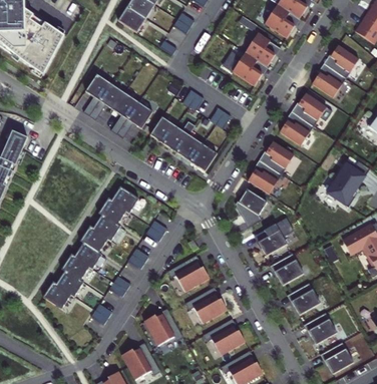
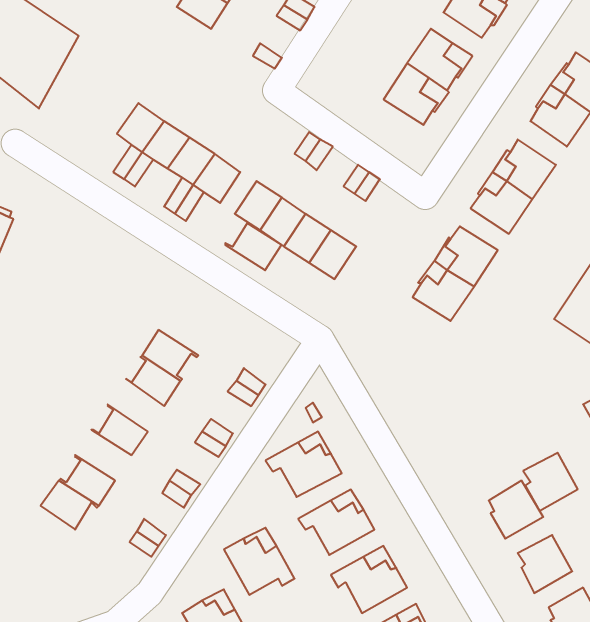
building: [107,186,138,213] -> [225,223,282,270]
building: [237,187,267,227] -> none
building: [257,223,287,255] -> none
building: [79,226,110,255] -> none
building: [273,253,303,285] -> [523,453,578,511]
building: [61,254,92,282] -> none

